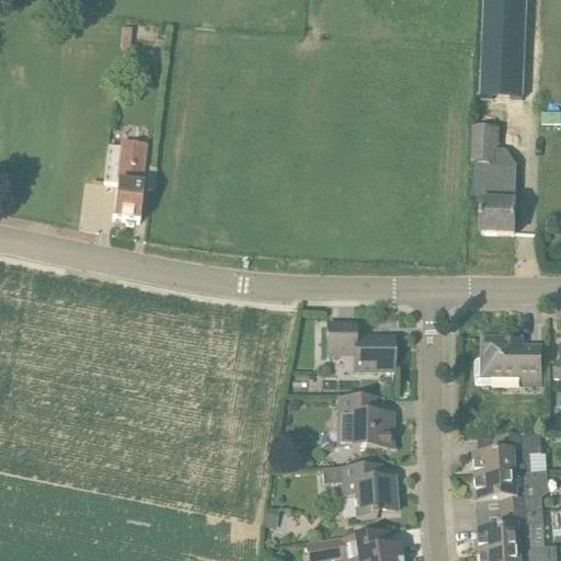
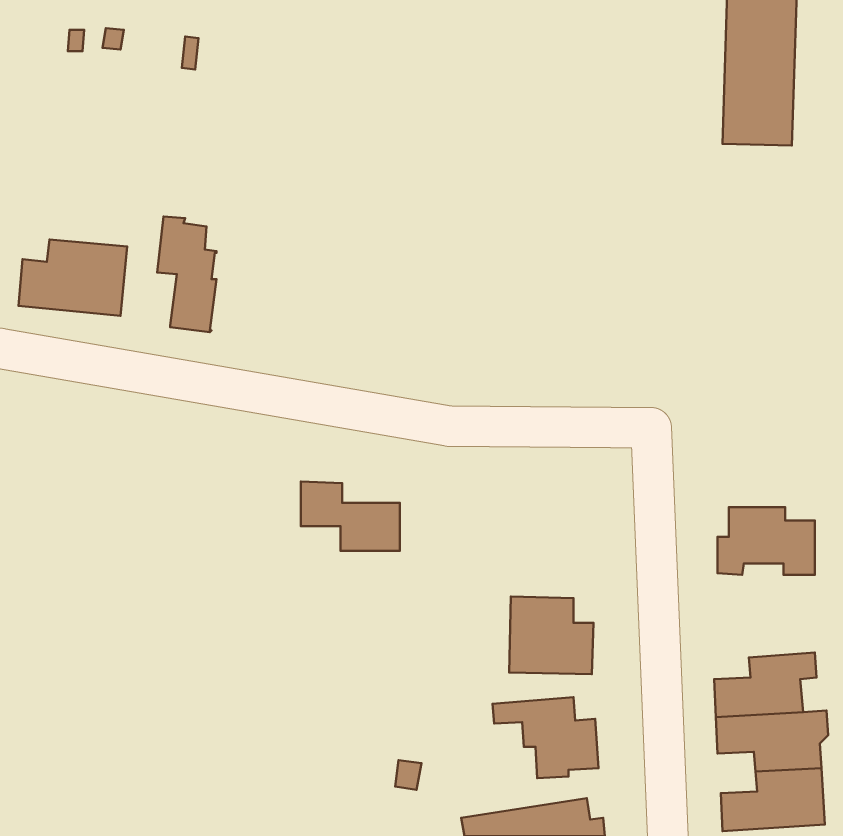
building: [470,125,517,232] -> none
building: none -> [19,239,127,316]
building: [329,322,394,368] -> [301,481,400,551]

